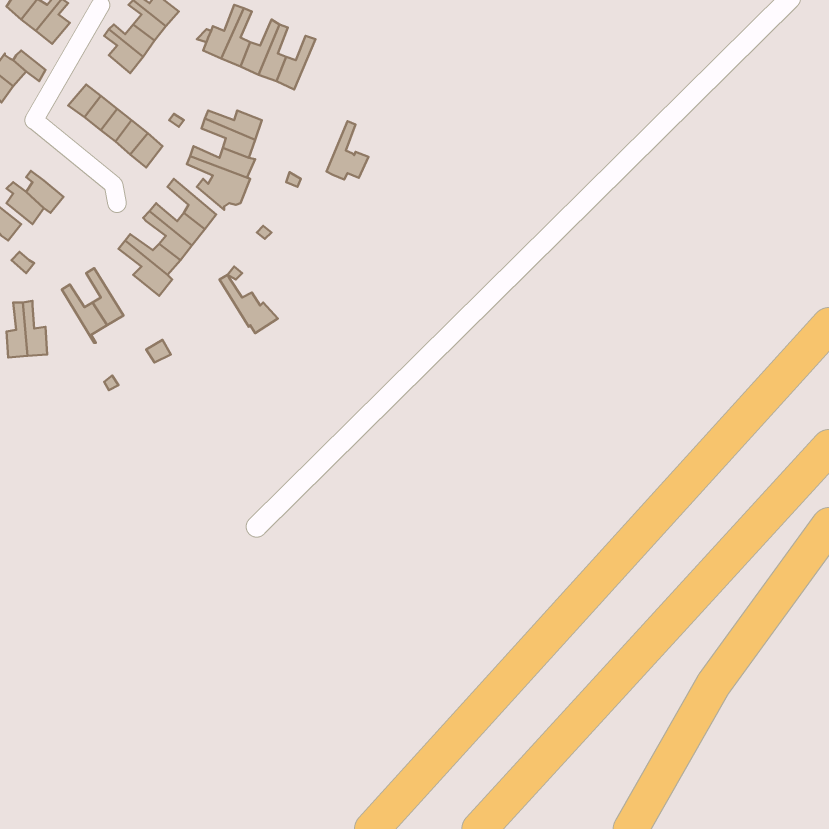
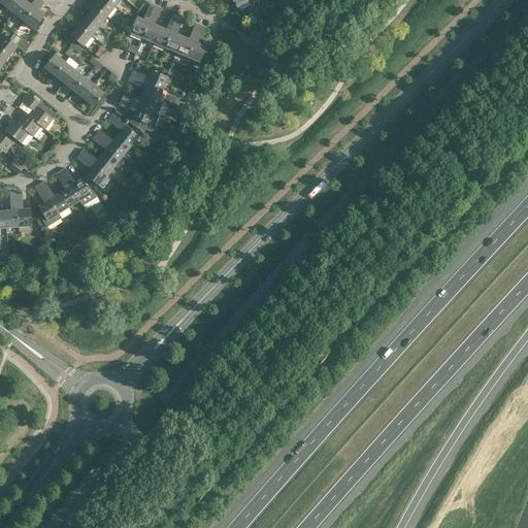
building: [326,121,369,180] -> [187,25,213,62]
building: none -> [21,93,56,128]
building: [219,275,278,333] -> [60,167,97,204]
building: none -> [34,184,60,227]

